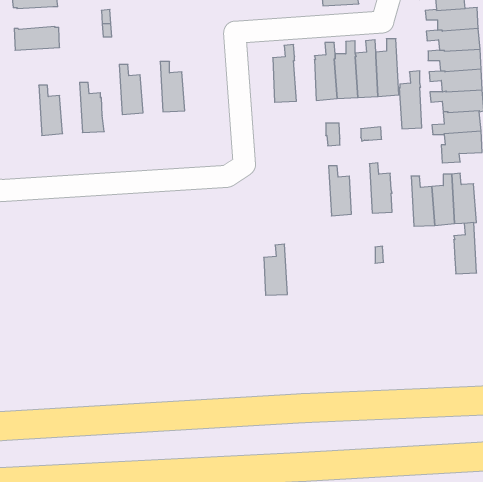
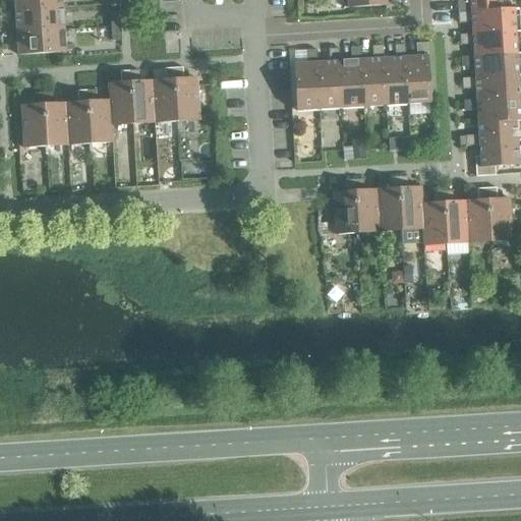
building: none -> [15,7,64,32]
building: none -> [152,66,176,121]
building: none -> [107,69,132,124]
building: [399,71,422,129] -> [316,47,341,109]
building: none -> [65,89,90,143]
building: none -> [21,92,46,147]
building: none -> [377,176,401,230]
building: [454,223,477,274] -> [421,189,446,244]
building: [264,244,287,295] -> [332,178,357,233]

